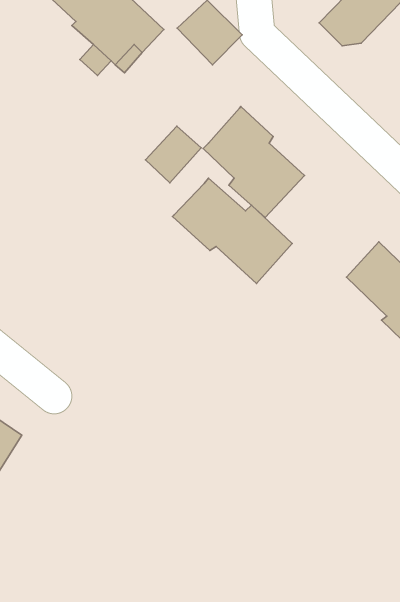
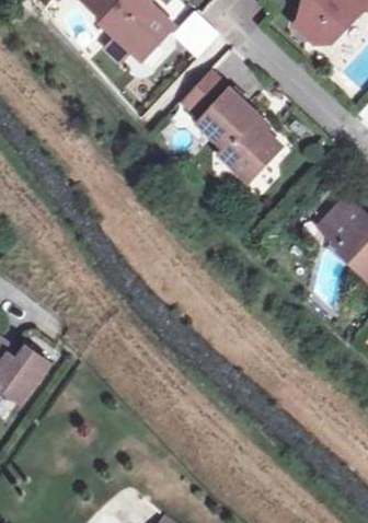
building: [146,126,201,183] -> [182,78,227,124]
building: [173,178,292,283] -> none

